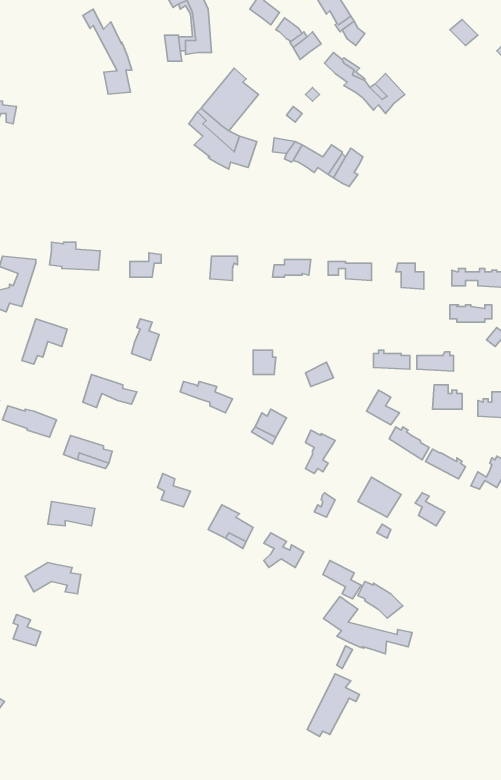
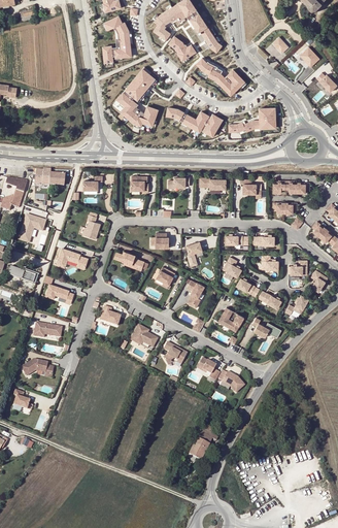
building: [83,9,132,94] -> none
building: none -> [229,108,275,133]
building: [323,596,412,654] -> none

